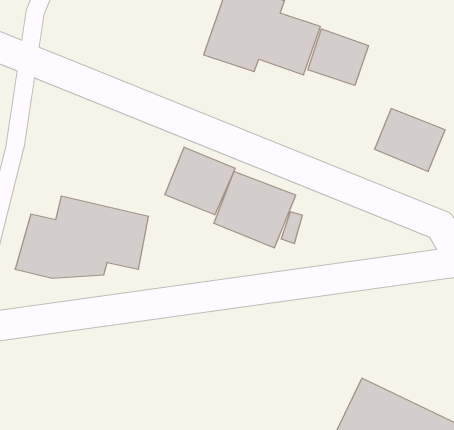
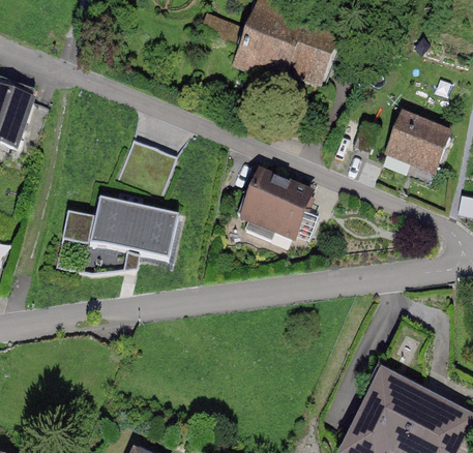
building: [308,29,369,85] -> none
building: [165,147,235,215] -> none

